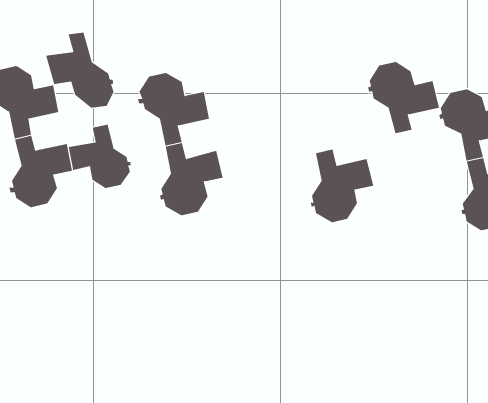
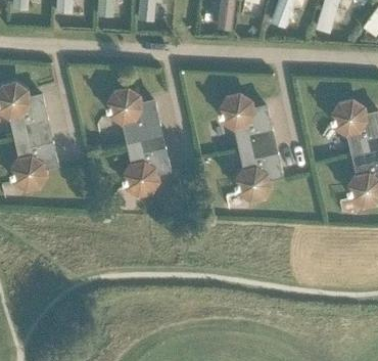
building: [45,32,114,109] -> none
building: [367,61,440,134] -> [218,94,272,148]
building: [68,124,132,189] -> none

